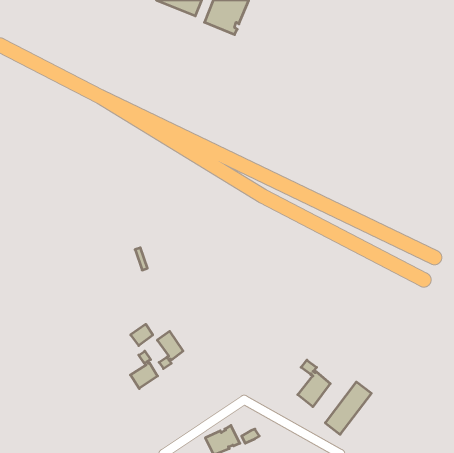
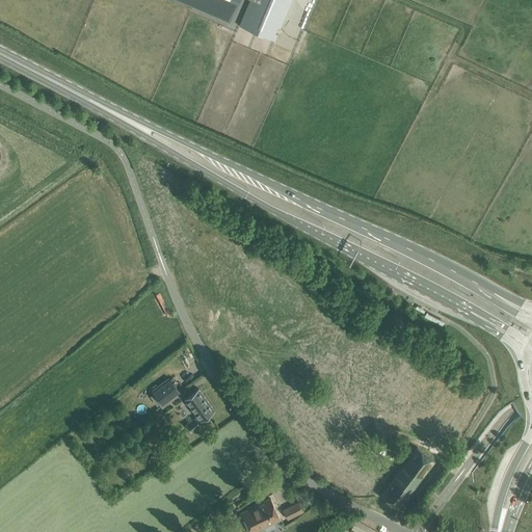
building: [130,351,158,389] -> none
building: [298,360,330,407] -> none

